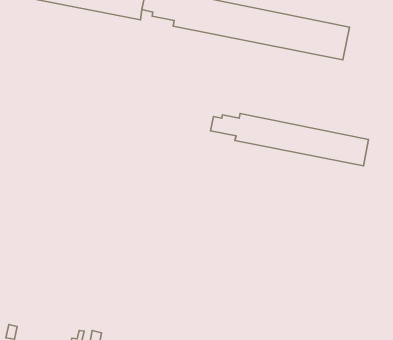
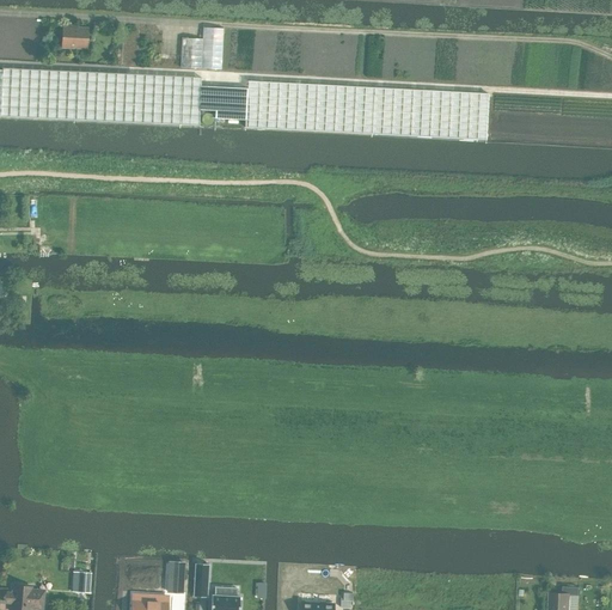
building: [210,114,369,166] -> none

